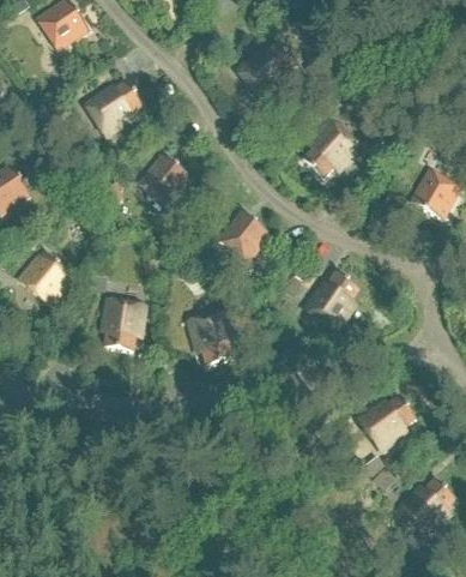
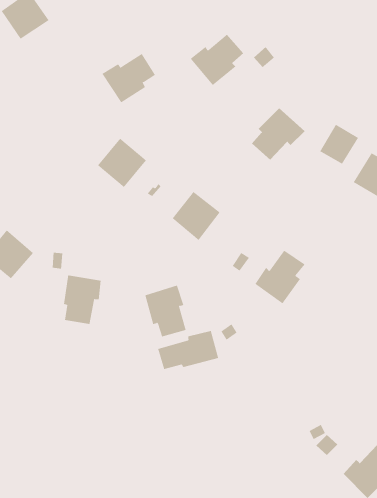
building: [85,80,143,133] -> [102,53,156,103]
building: none -> [319,124,359,164]
building: none -> [158,330,219,370]
building: [358,395,416,449] -> none

